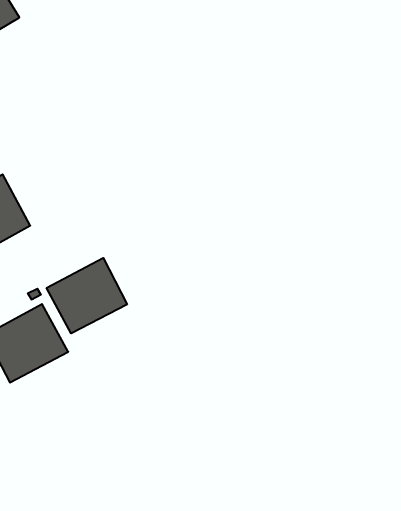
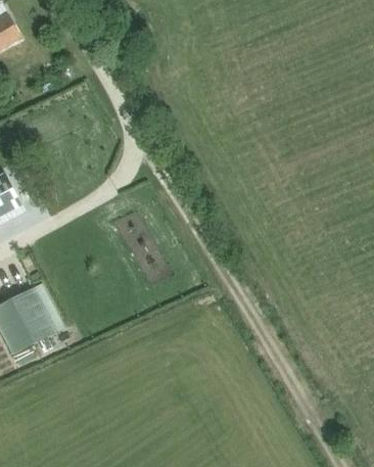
building: [47,258,127,333] -> none

